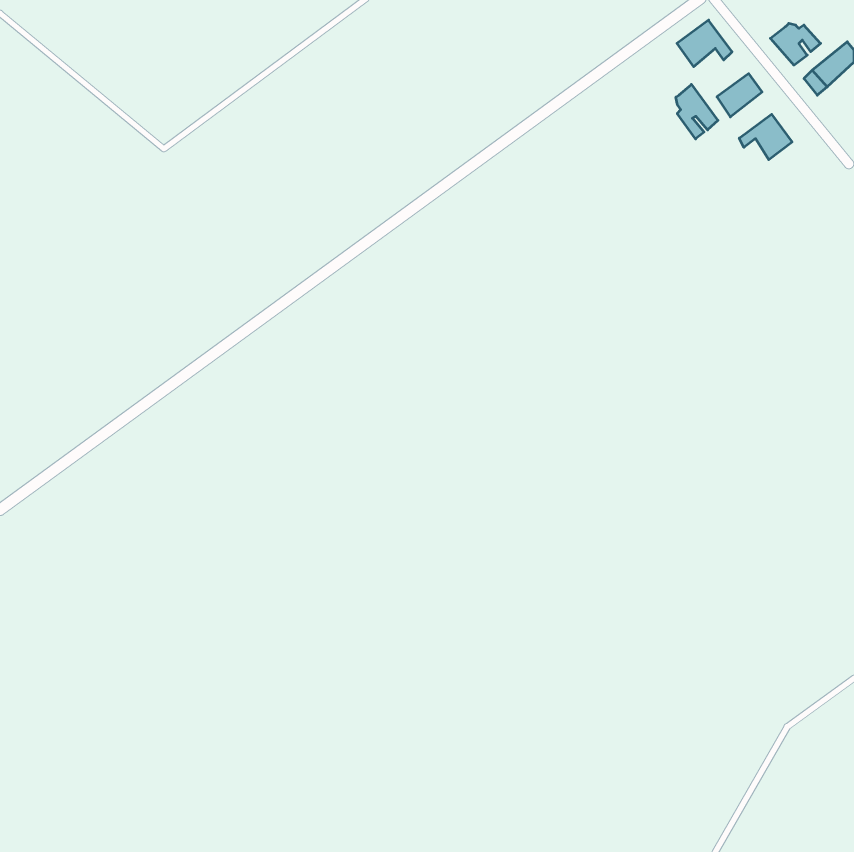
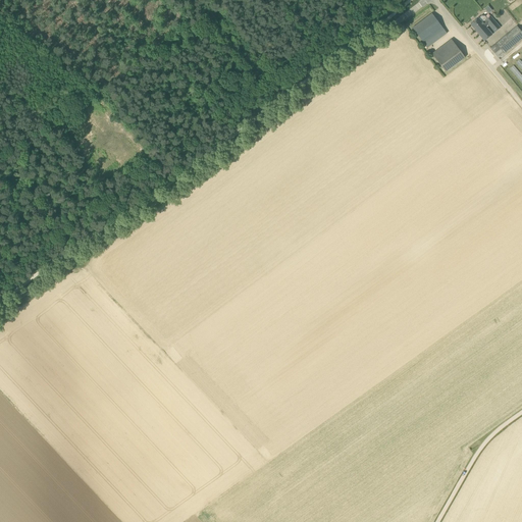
building: [676,84,718,139] -> none
building: [739,114,792,160] -> none

